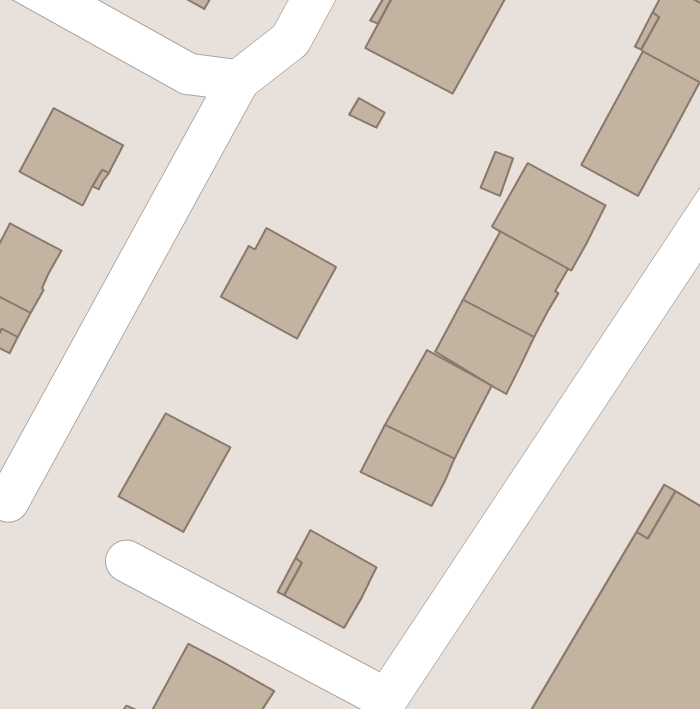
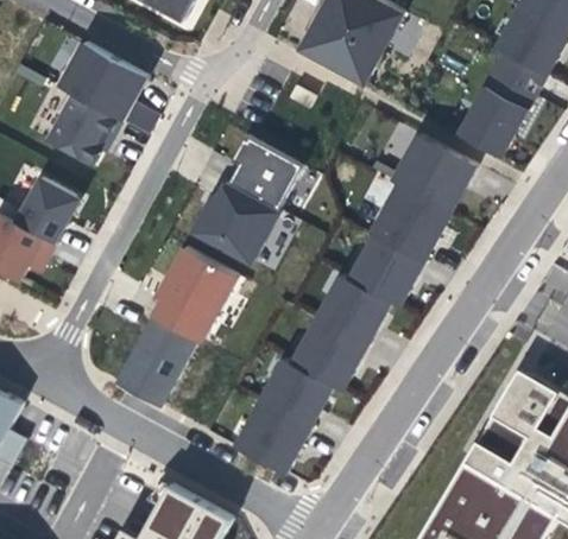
building: none -> [59,43,158,135]
building: none -> [229,135,302,210]
building: none -> [153,248,238,342]
building: none -> [259,355,336,430]

